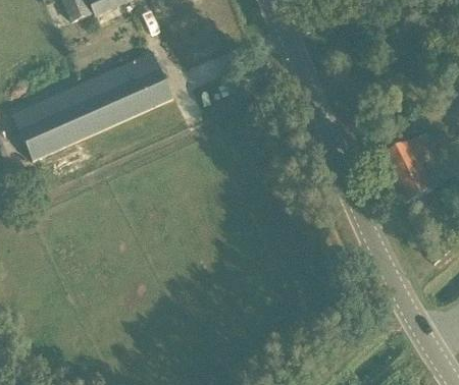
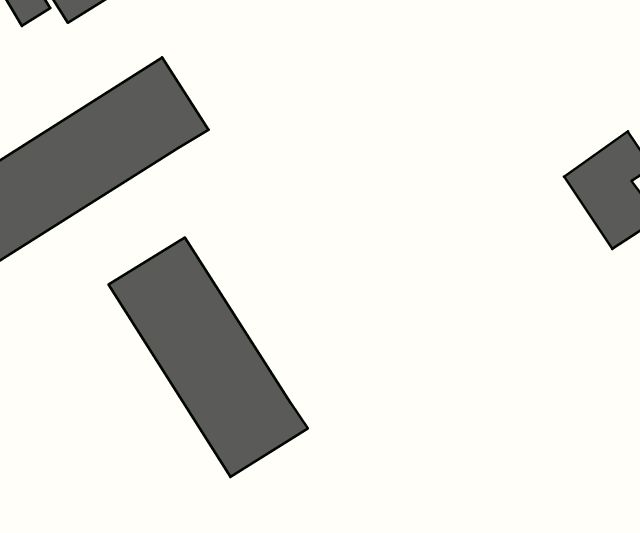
building: none -> [109,238,308,477]

